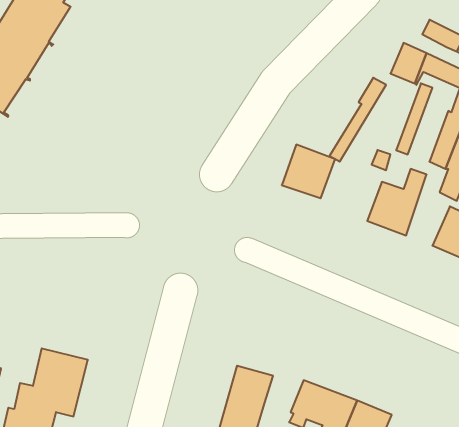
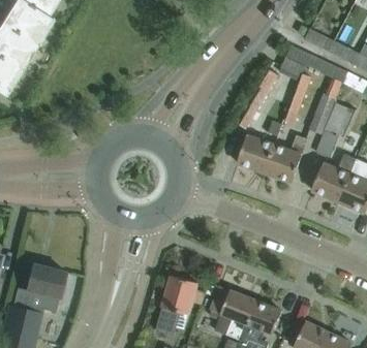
building: [282,145,335,198] -> [237,134,275,172]

